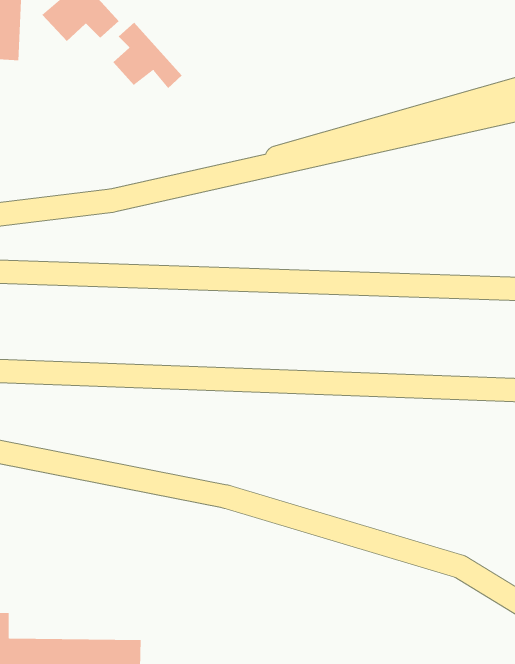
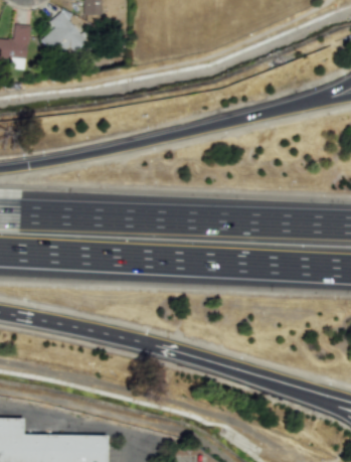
building: [112,22,182,89] -> none

